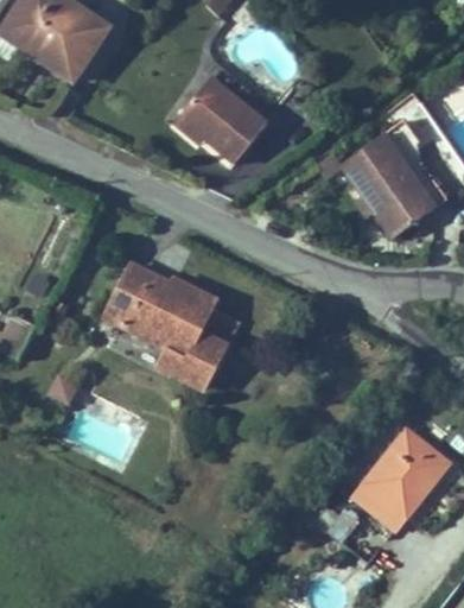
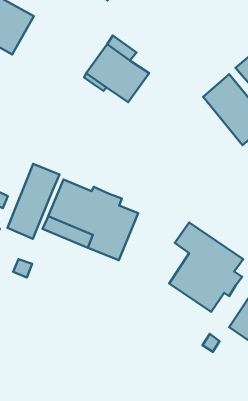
building: none -> [8,164,59,239]
building: none -> [169,222,243,312]

